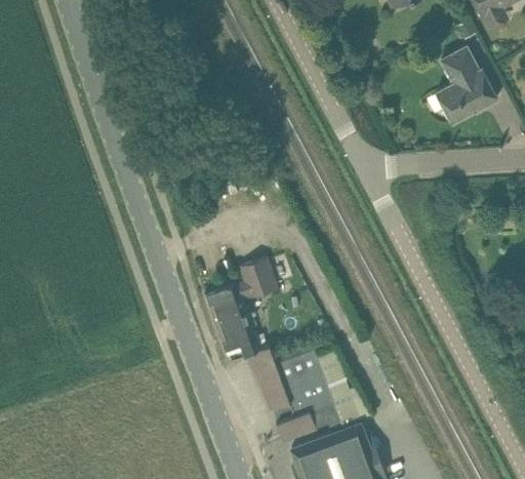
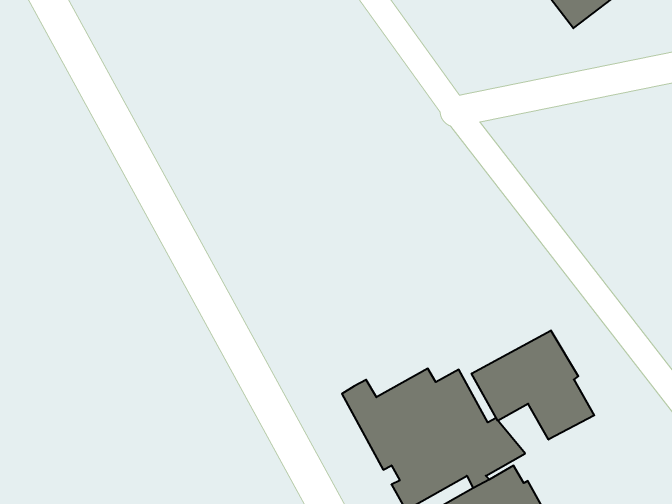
building: [203,257,277,362] -> none
building: none -> [472,330,594,440]

